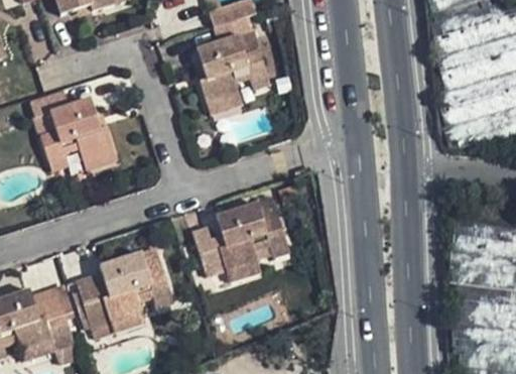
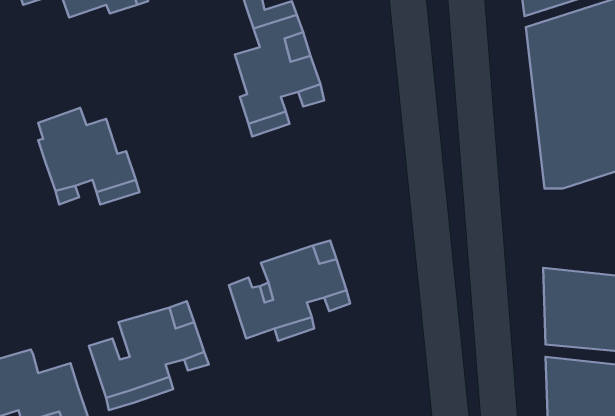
building: [32,279,80,317] -> none

